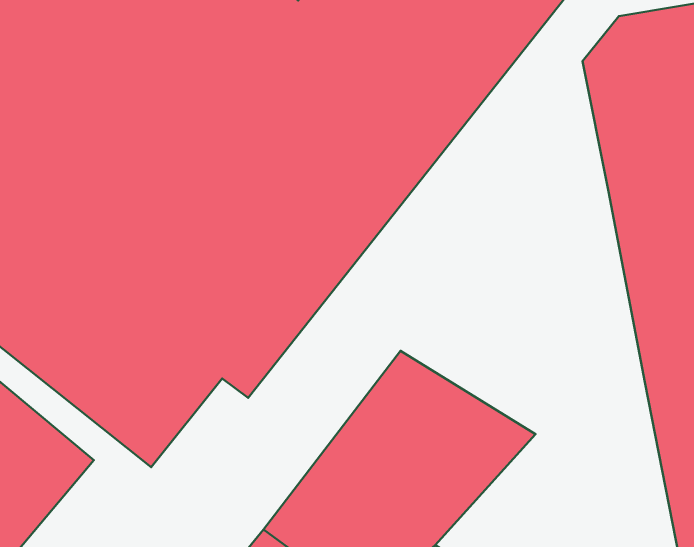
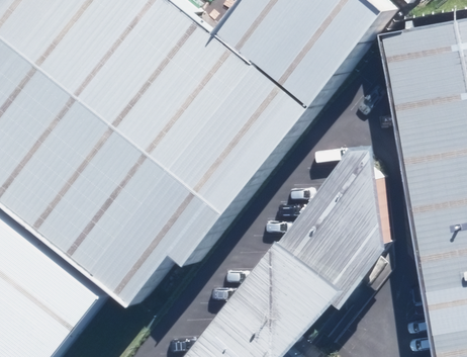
building: none -> [276,146,390,289]

